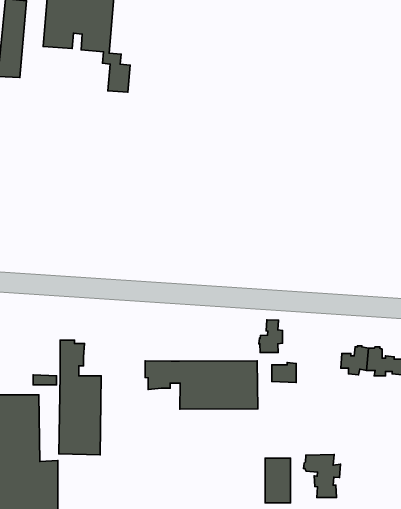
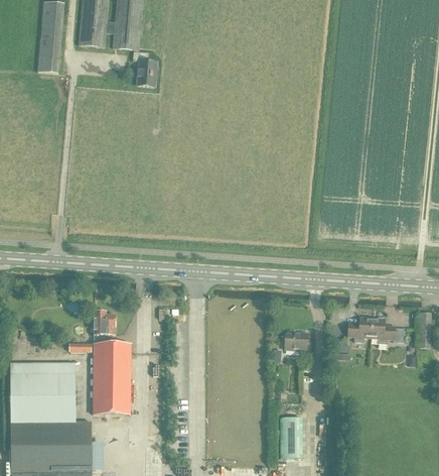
building: [259,320,282,352] -> none
building: [145,361,258,409] -> none
building: [304,455,340,497] -> none

